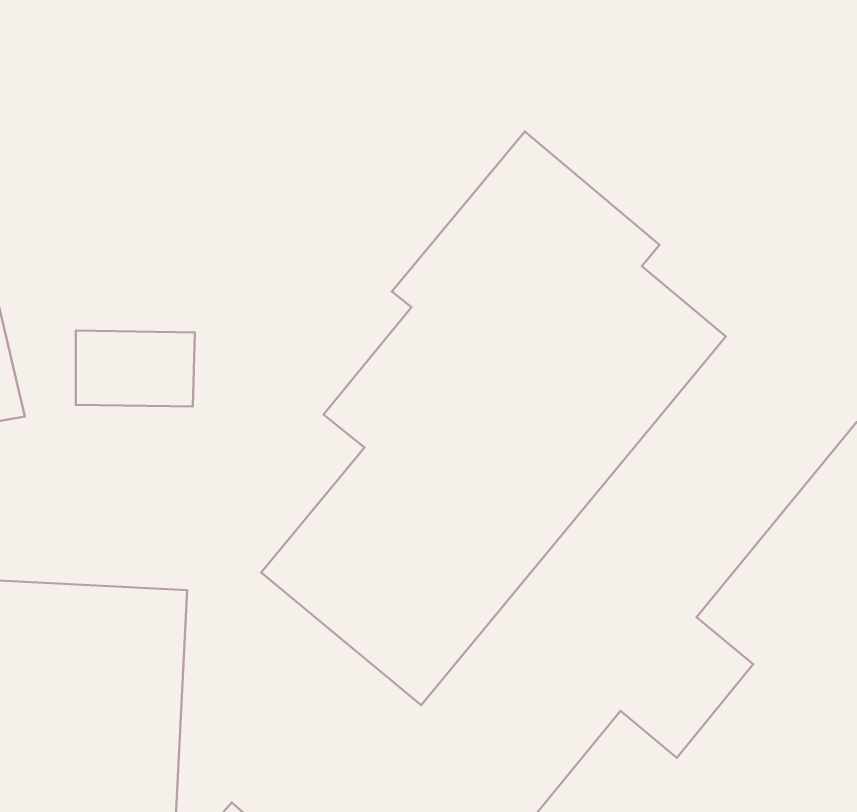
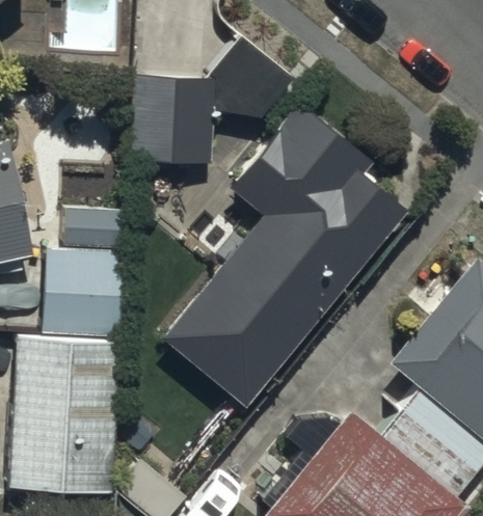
building: none -> [130,37,293,167]
building: none -> [45,251,125,338]

